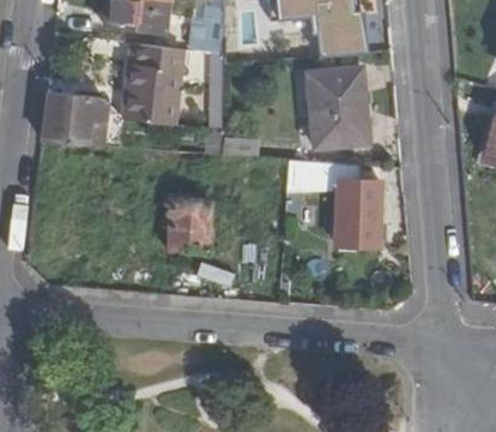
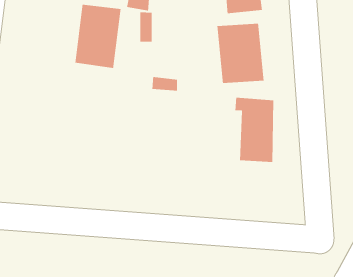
building: [42,94,108,146] -> none
building: [168,199,211,253] -> none

